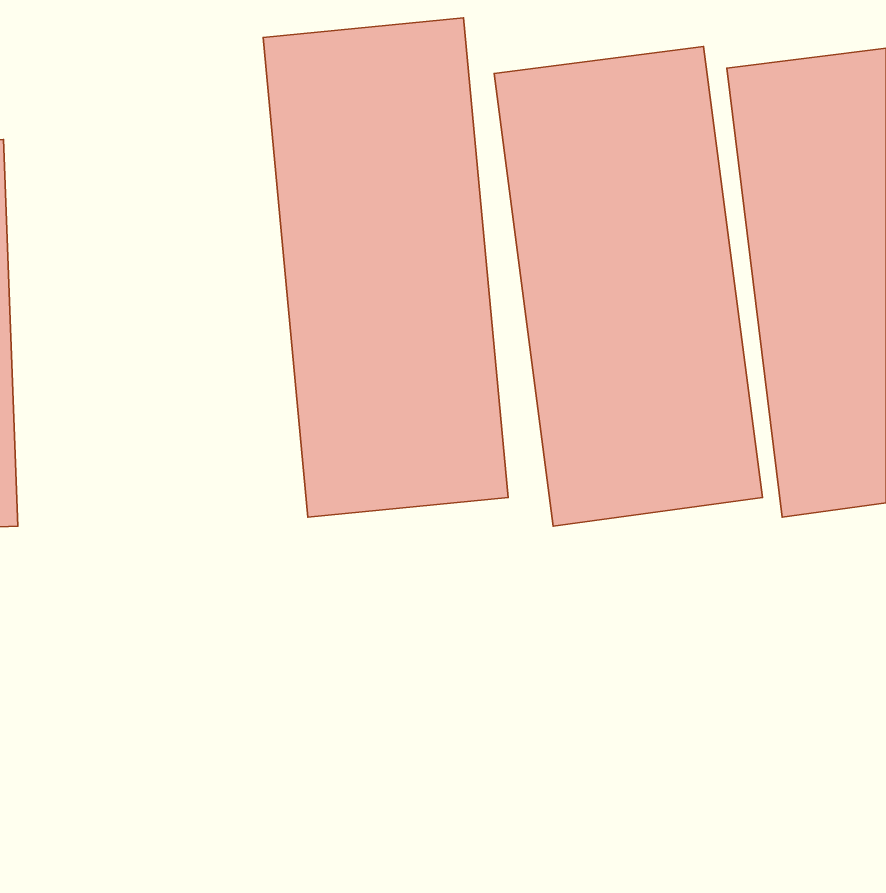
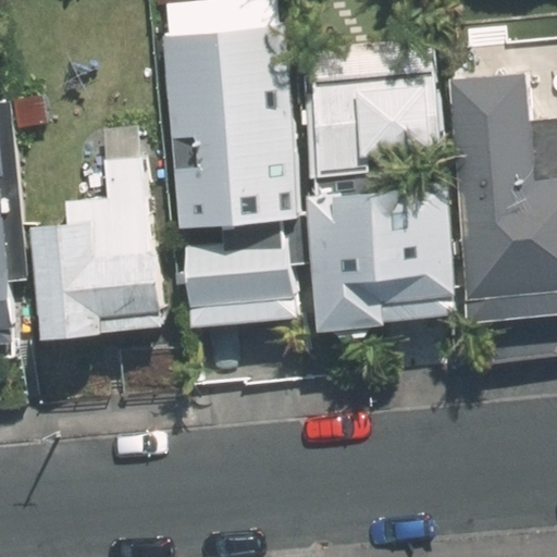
building: none -> [34,153,170,338]

